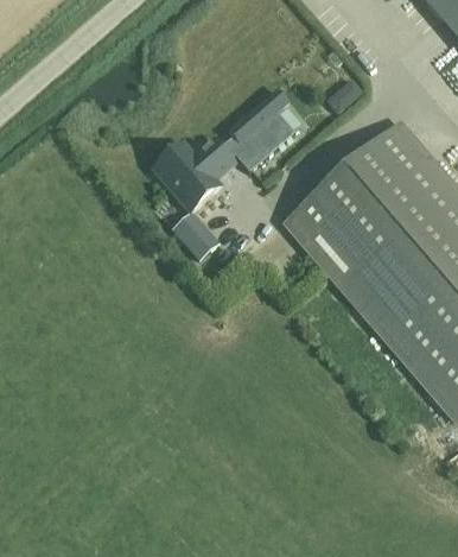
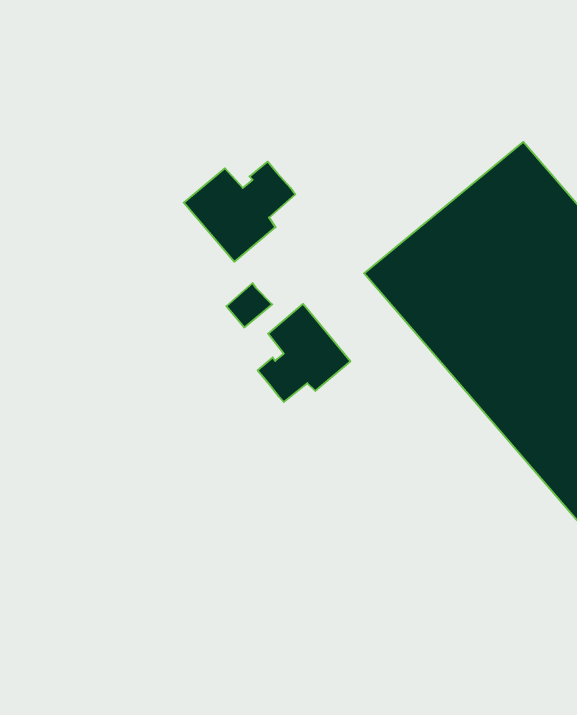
building: [221,88,294,170] -> none
building: none -> [258,304,350,402]

